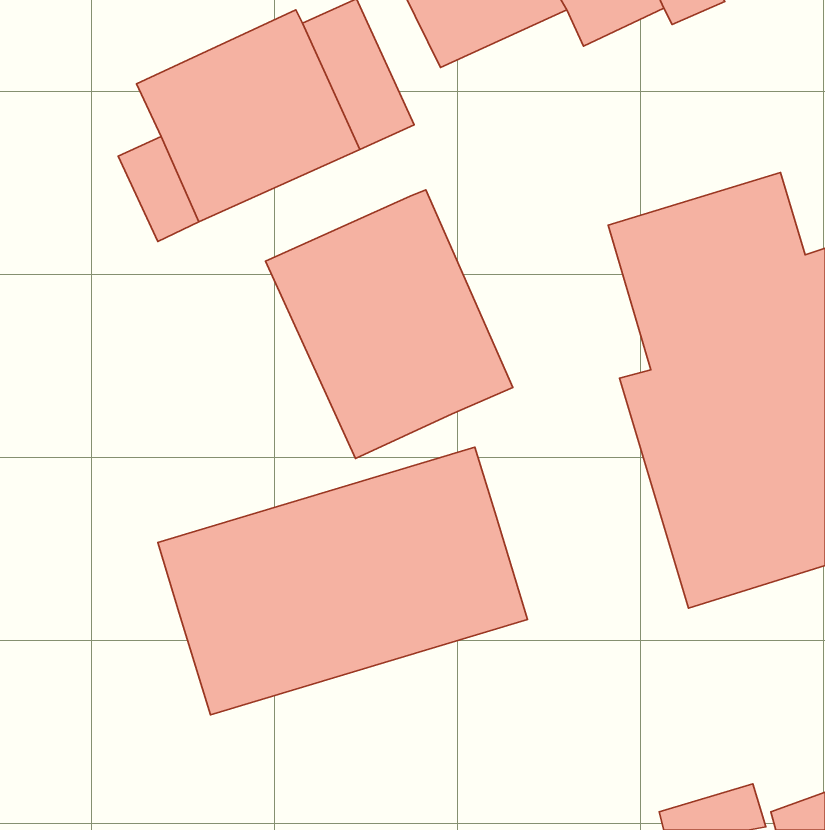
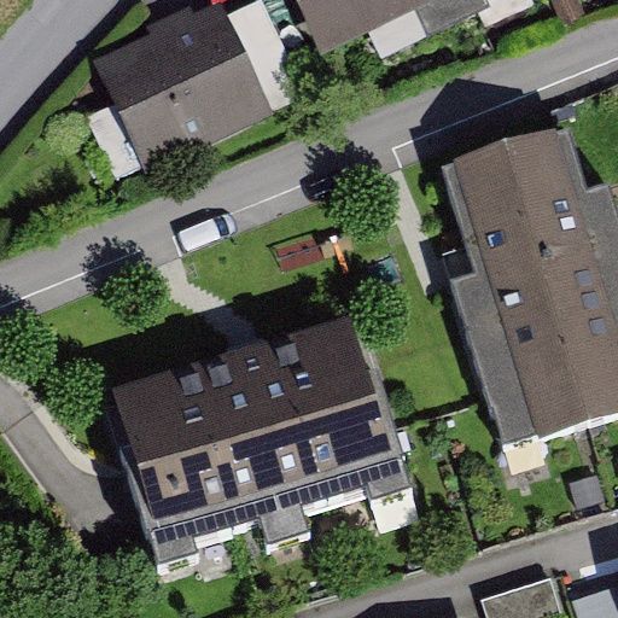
building: [266,190,513,459] -> none
building: none -> [121,375,414,577]

